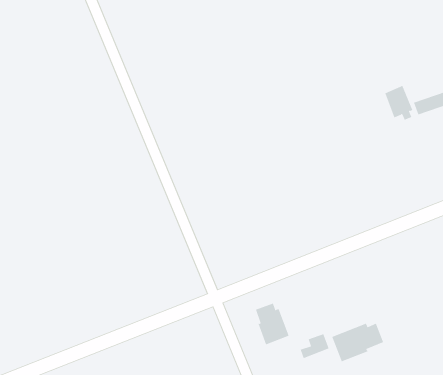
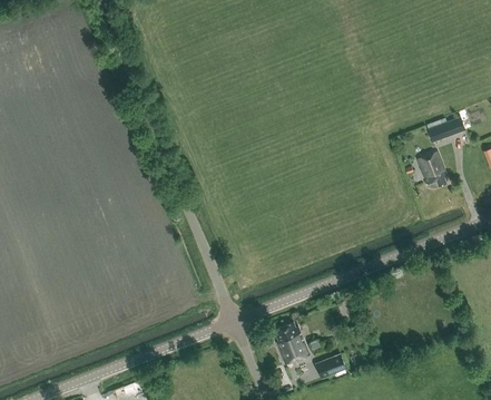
building: [385,85,413,120] -> [419,154,446,188]
building: [332,323,384,362] -> none

